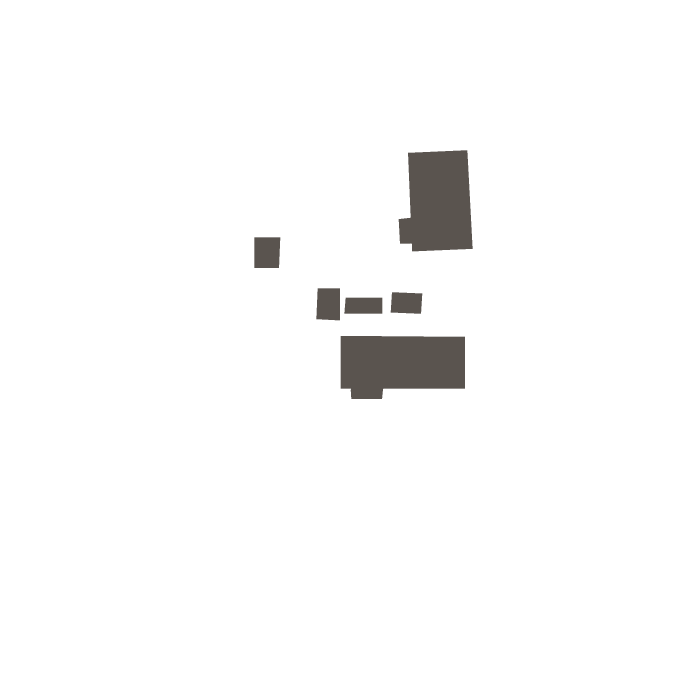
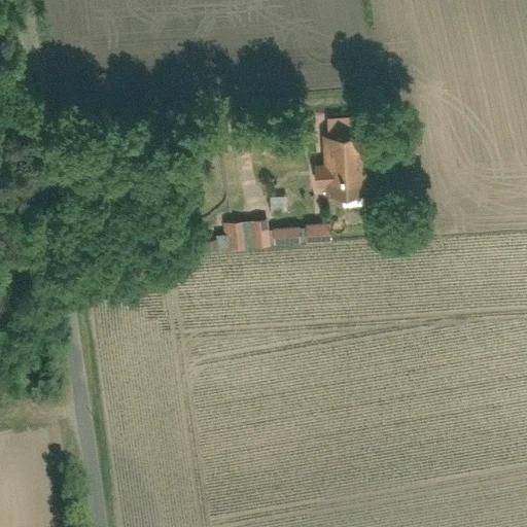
building: [253,237,281,269] -> [226,223,248,248]
building: [340,335,465,400] -> none

